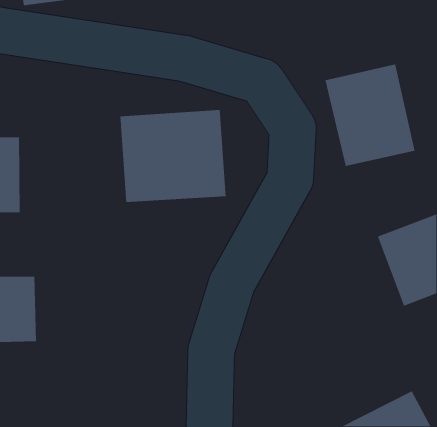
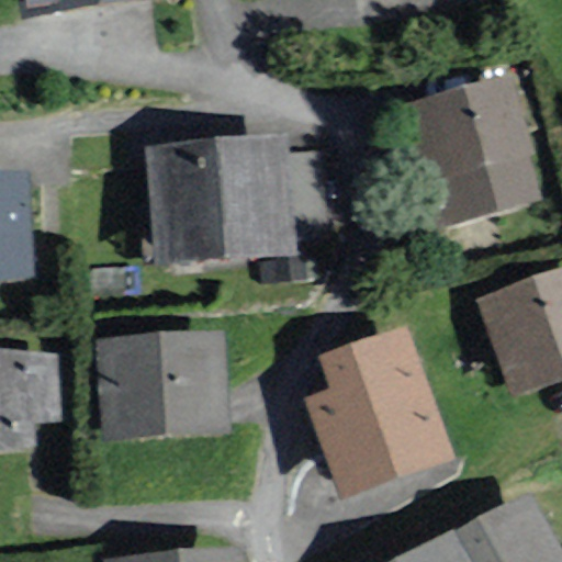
building: none -> [311,330,447,494]
building: none -> [102,335,218,431]

